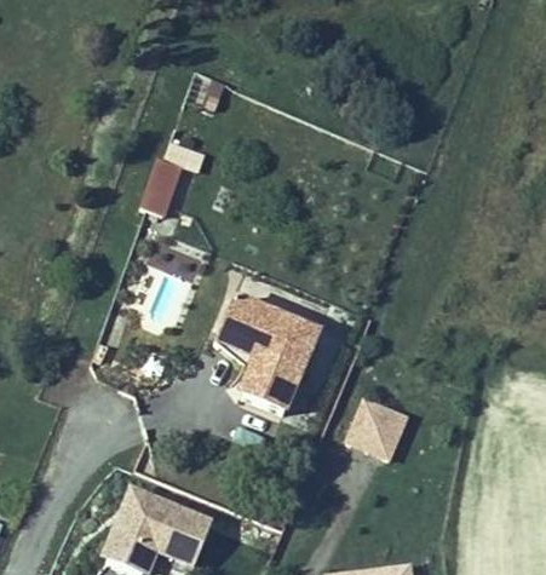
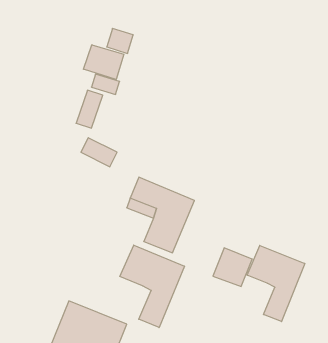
building: none -> [83,45,124,79]
building: none -> [120,245,184,328]
building: none -> [247,245,305,322]

